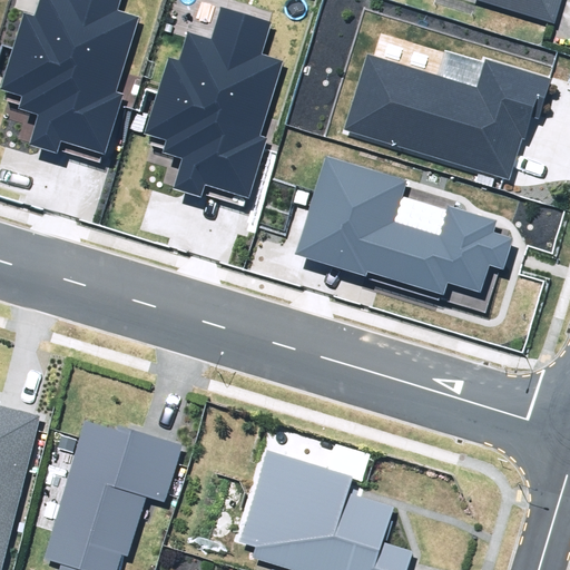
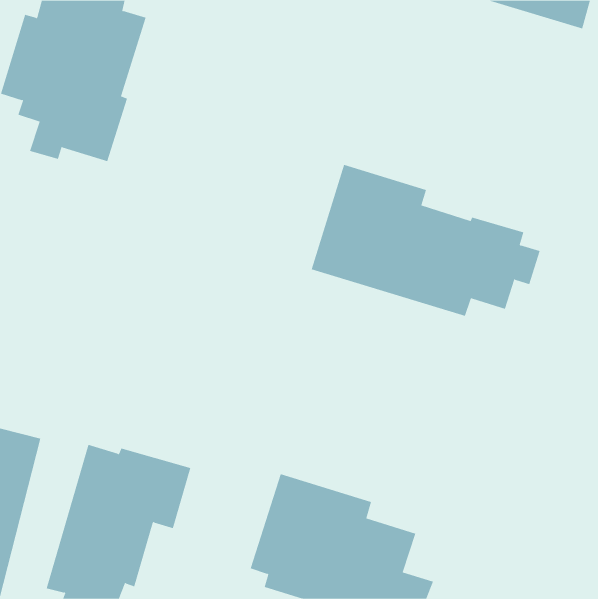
building: [145,7,283,198] -> none
building: [343,53,550,180] -> none

